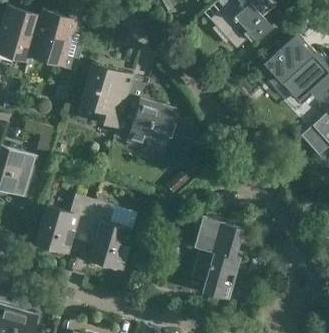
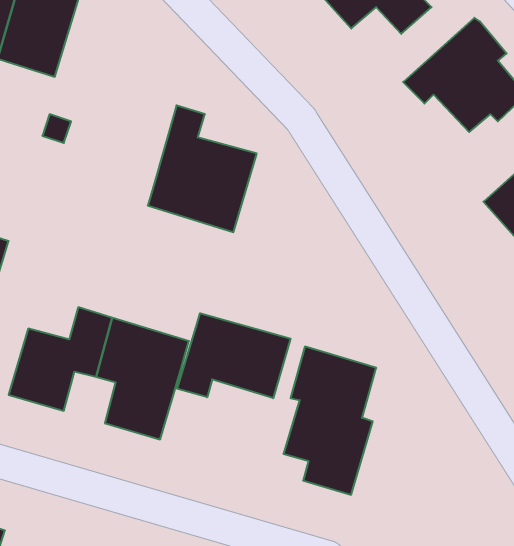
building: [79,63,132,127] -> none
building: none -> [177,313,291,398]

